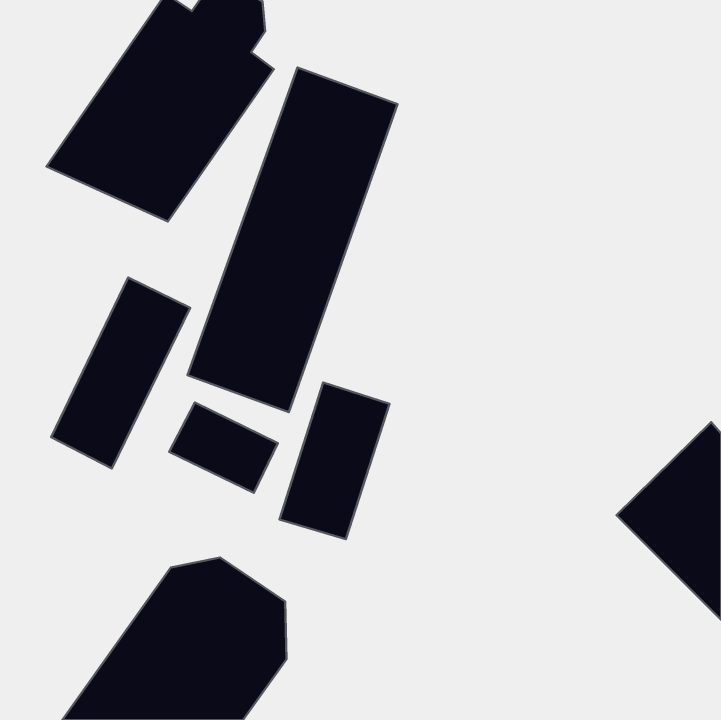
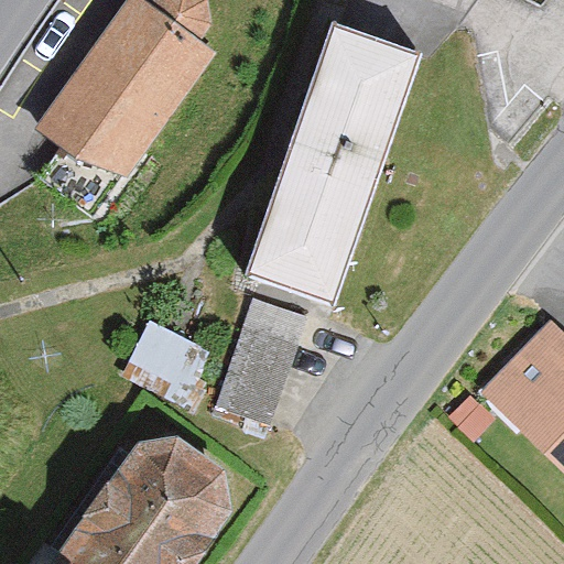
building: [187,68,398,412] -> [251,30,415,299]
building: [51,278,190,469] -> none

